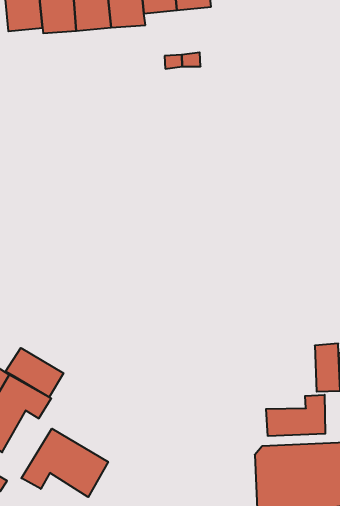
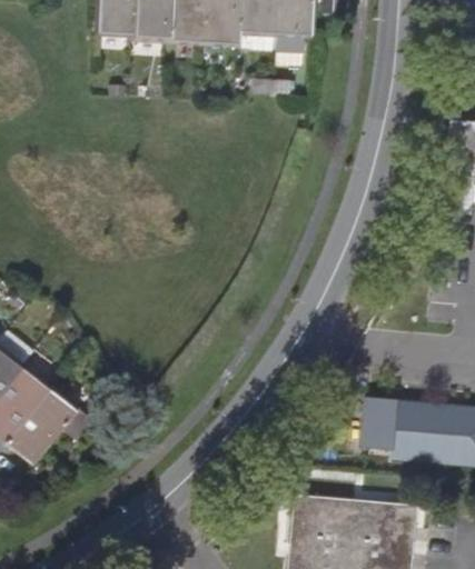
building: [5,348,63,397] -> none
building: [266,395,325,436] -> none
building: [21,429,108,497] -> none

